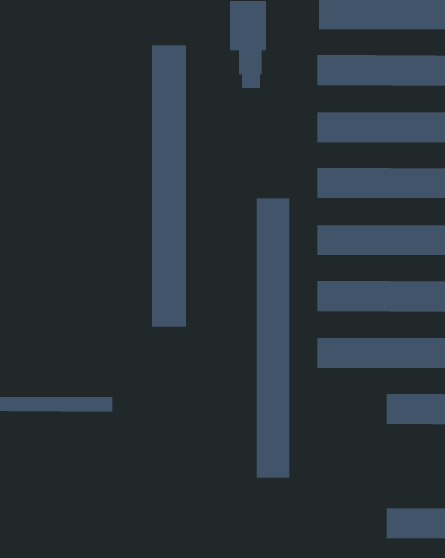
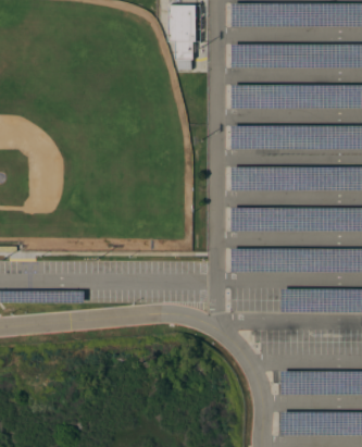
building: [151,44,187,328] -> none
building: [256,198,290,478] -> none

